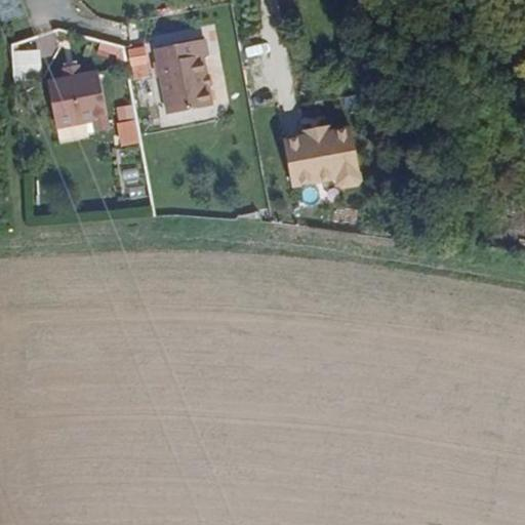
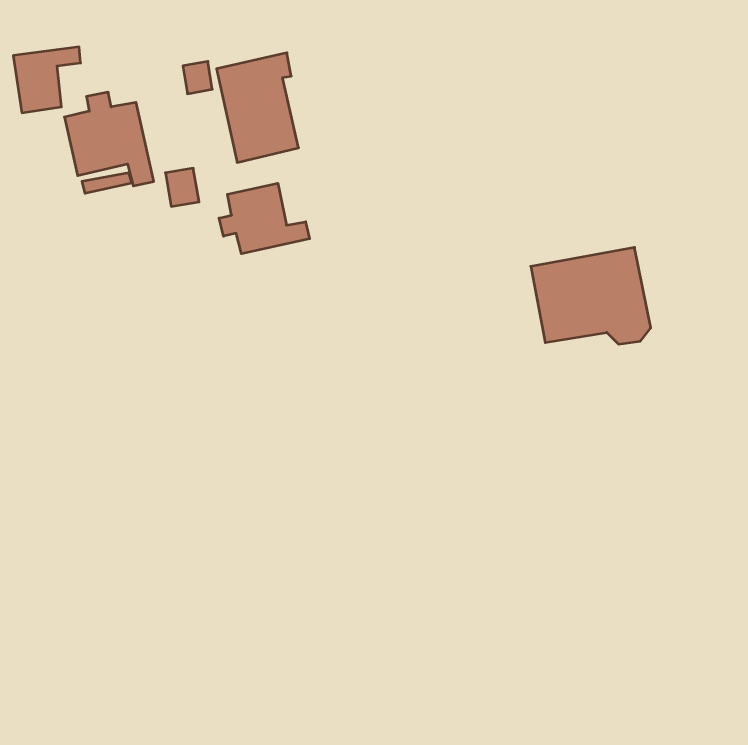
building: [282,119,366,187] -> [531,247,651,344]
building: none -> [219,183,310,254]

